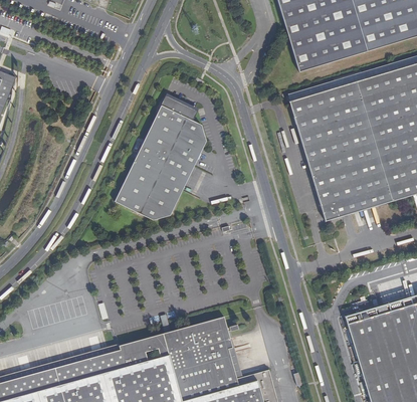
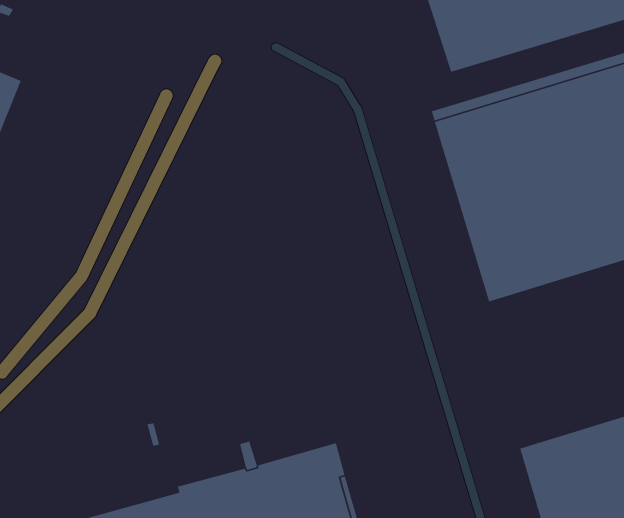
building: [114,94,206,219] -> none

